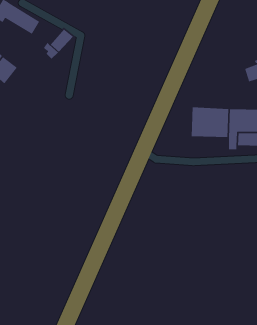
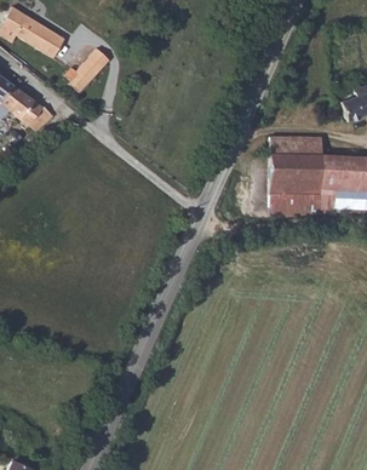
building: none -> [16,101,55,130]
building: none -> [271,136,322,156]
building: none -> [270,195,321,217]

